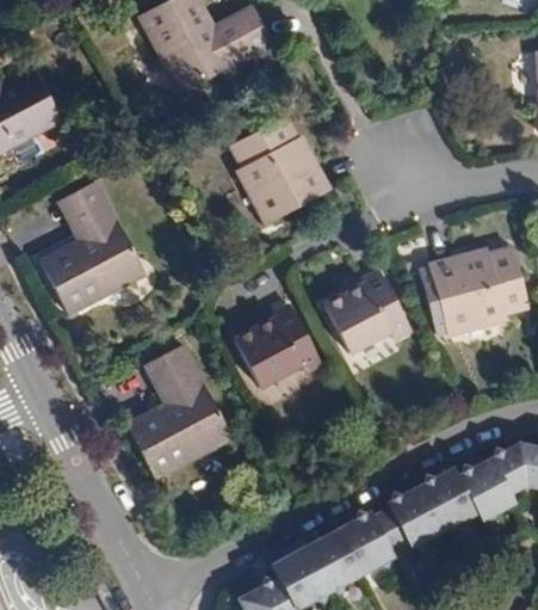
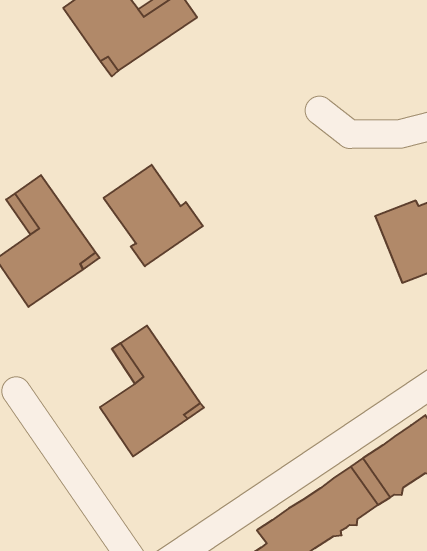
building: [231,118,328,220] -> [104,165,203,266]
building: [323,271,410,352] -> none
building: [234,304,321,387] -> none

